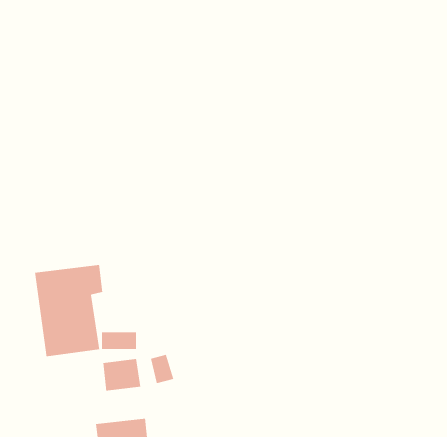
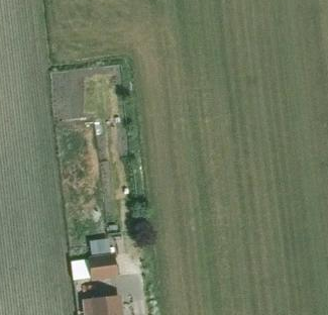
building: [34,264,103,357] -> none

